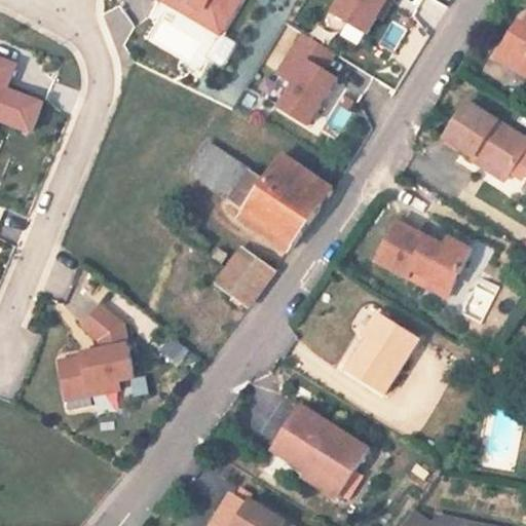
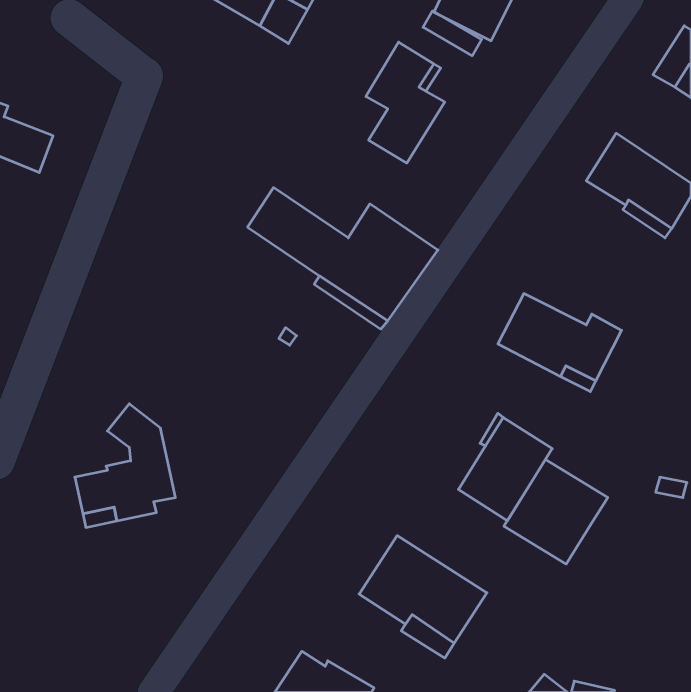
building: [215,250,270,305] -> none
building: none -> [504,460,608,564]

